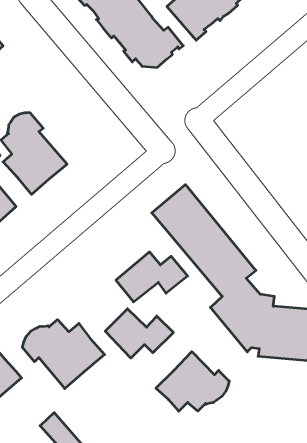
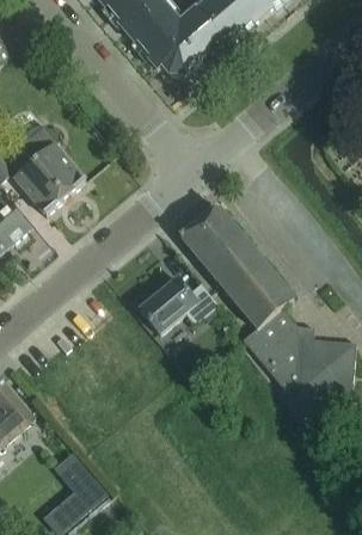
building: [105,309,173,358] -> none
building: [22,320,105,389] -> none
building: [156,352,229,411] -> none

